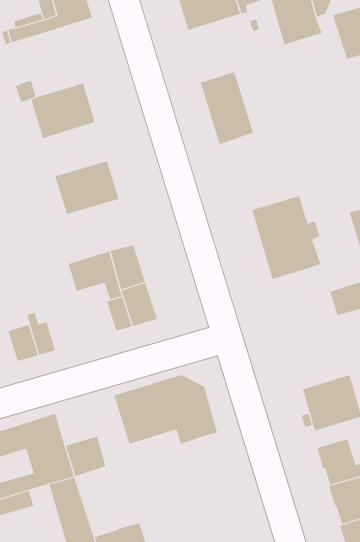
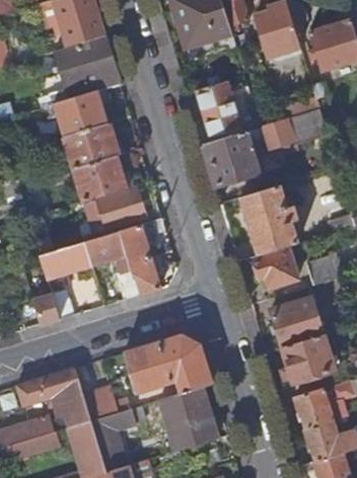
building: none -> [55,34,120,92]
building: none -> [202,108,326,187]
building: none -> [63,123,118,168]
building: none -> [97,188,145,229]
building: none -> [40,242,91,278]
building: none -> [255,242,303,289]
building: none -> [270,297,323,347]
building: none -> [159,387,216,451]
building: none -> [90,408,136,472]

